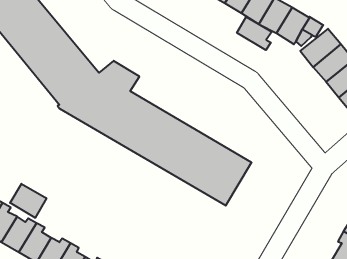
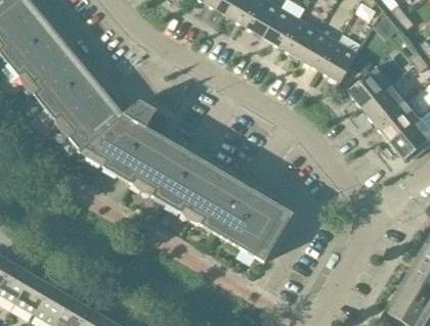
building: [237,17,272,50] -> none
building: [10,184,46,218] -> none

